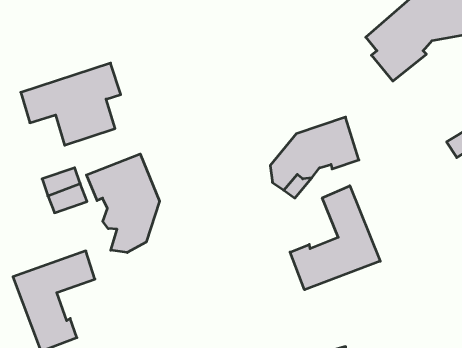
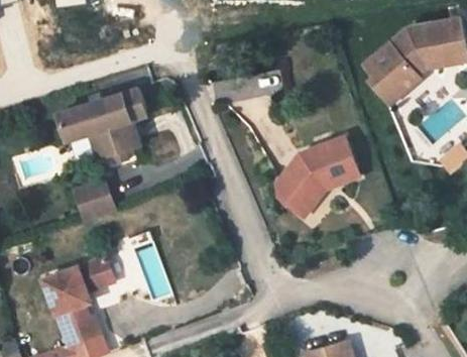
building: [86,154,160,253] -> none
building: [290,186,380,290] -> none

